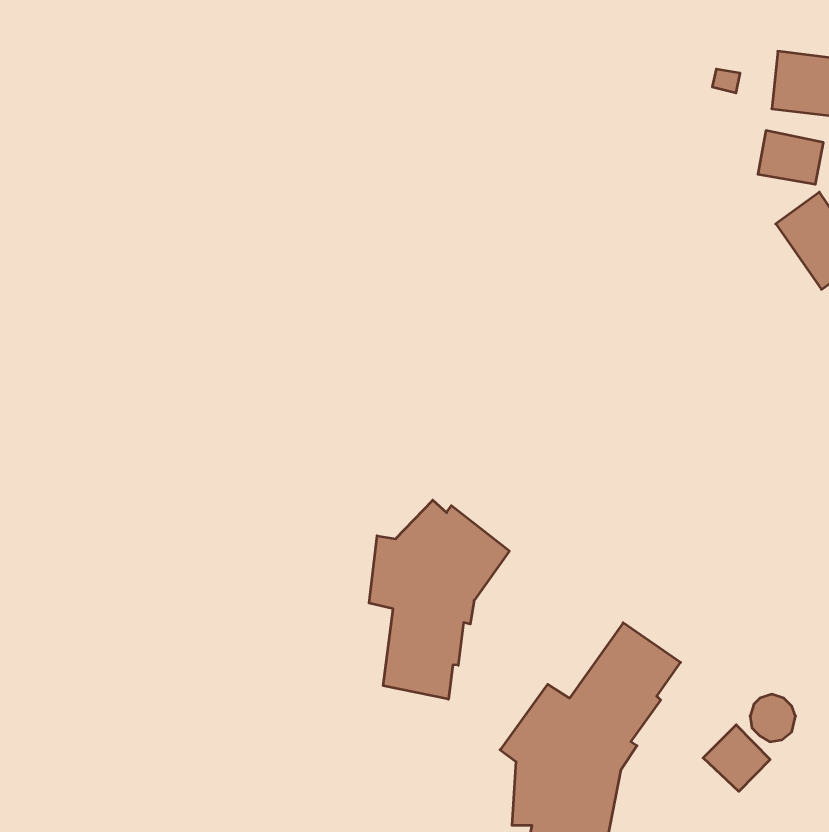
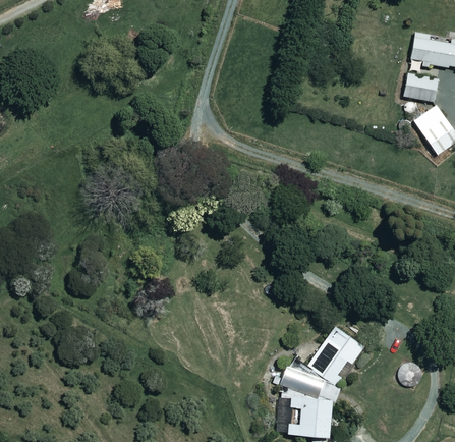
building: [369,500,509,699] -> none
building: [703,725,770,791] -> none

